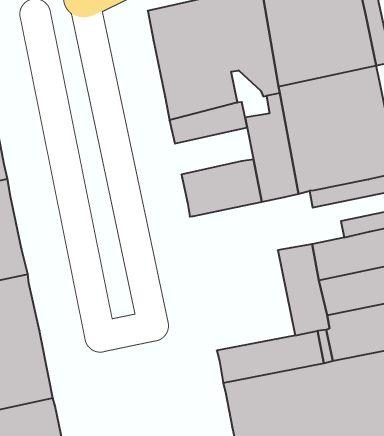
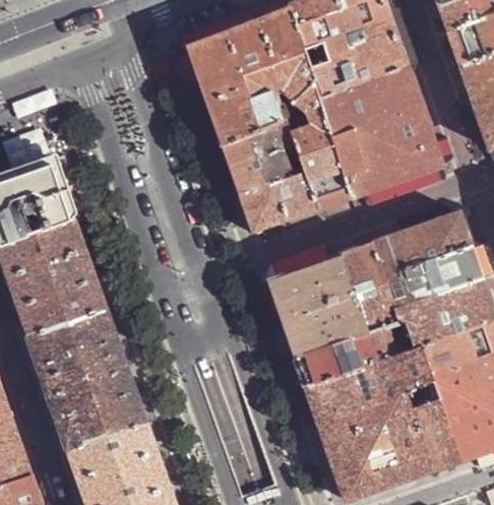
building: none -> [272,88,314,132]
building: none -> [229,145,294,194]
building: none -> [267,253,367,356]

